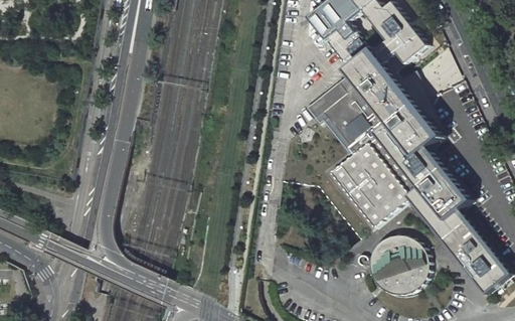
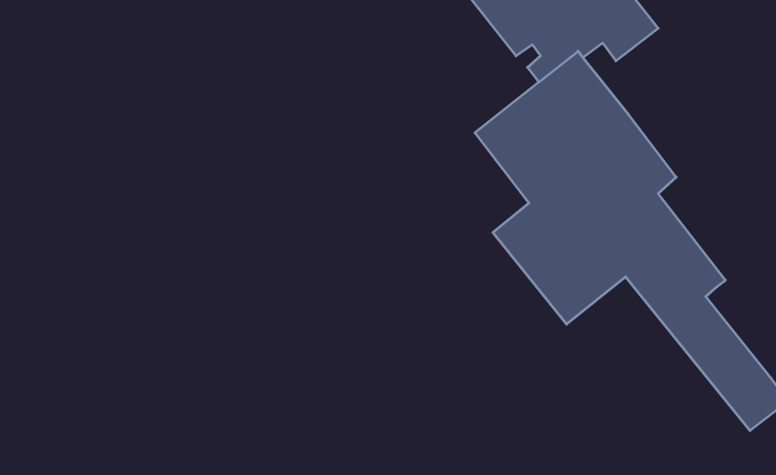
building: [365,231,427,294] -> none

